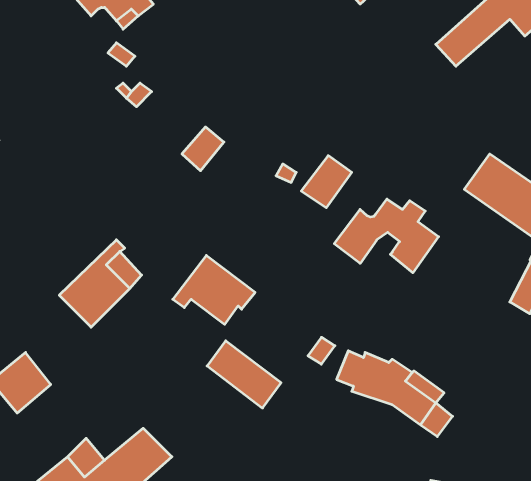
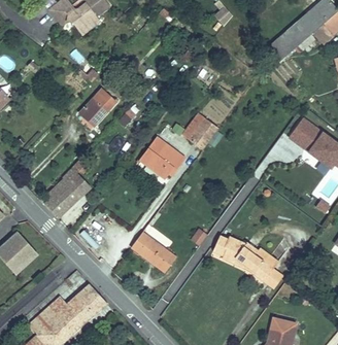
building: none -> [78,93,114,130]
building: [334,199,439,273] -> none
building: [173,255,255,324] -> [135,136,185,178]

